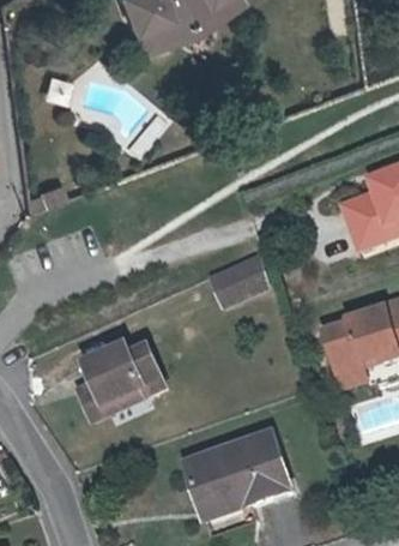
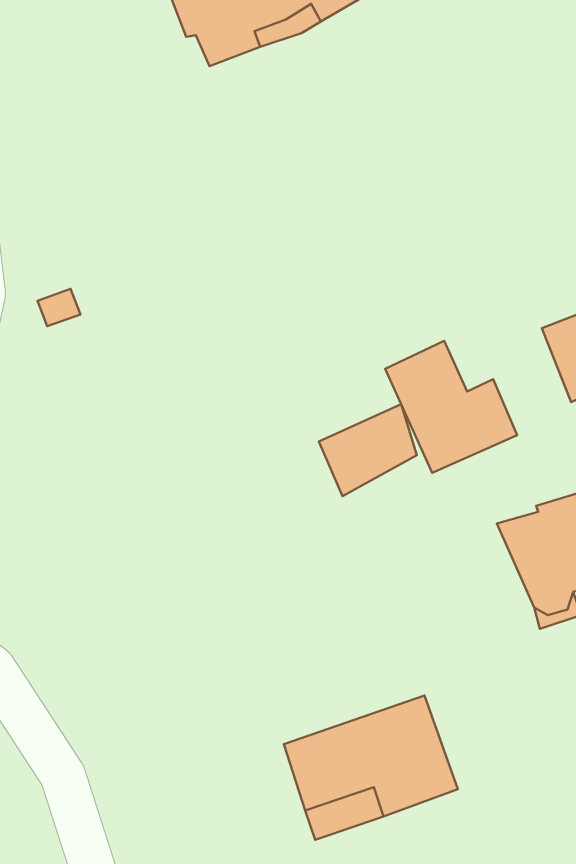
building: none -> [385,341,517,473]
building: [73,340,167,422] -> none

